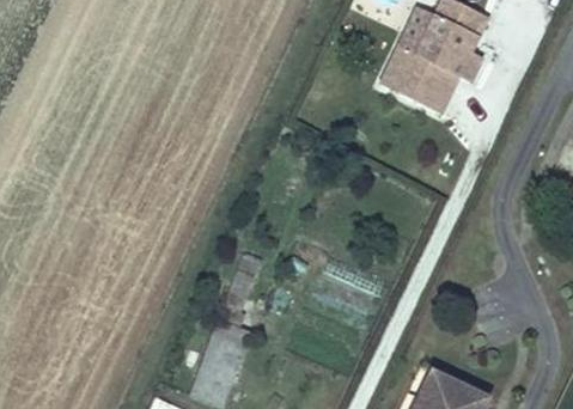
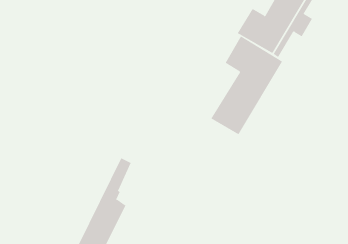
building: none -> [210,35,283,135]

